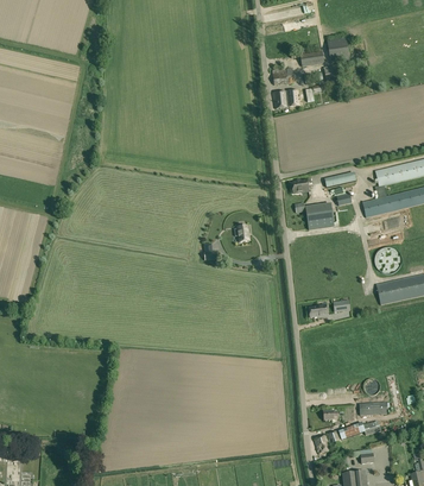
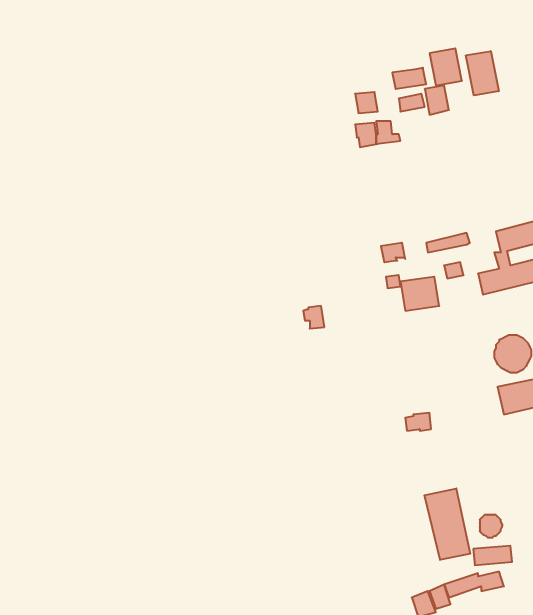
building: none -> [466,51,499,95]
building: none -> [424,488,470,560]

